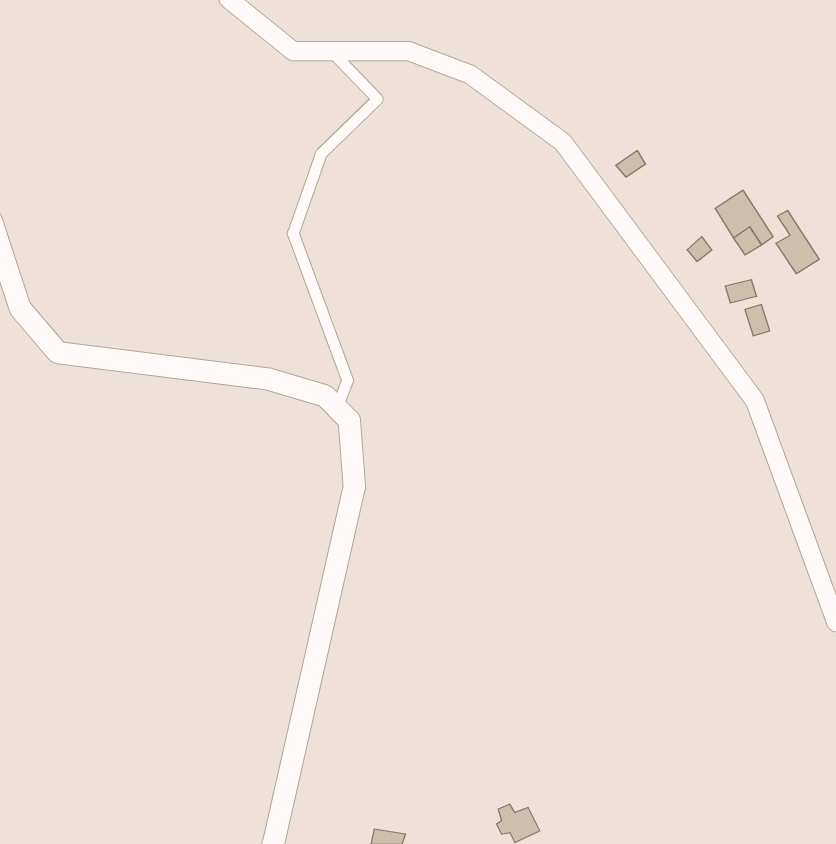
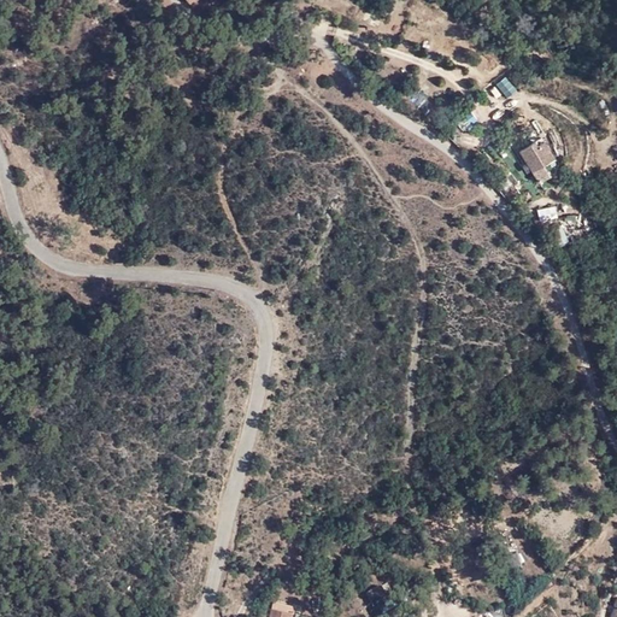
building: [776,210,819,274] -> none

